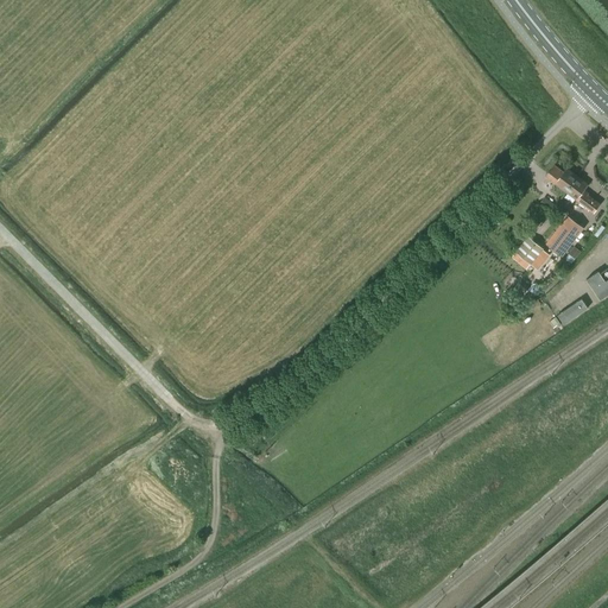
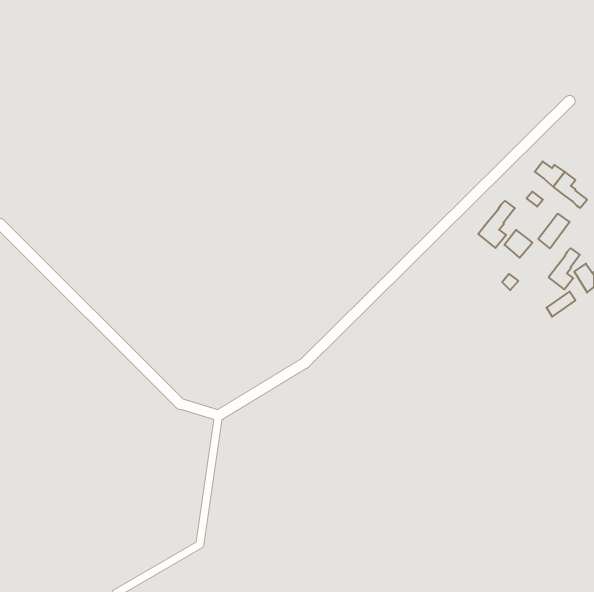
building: none -> [478,201,515,248]
building: none -> [549,248,580,289]

